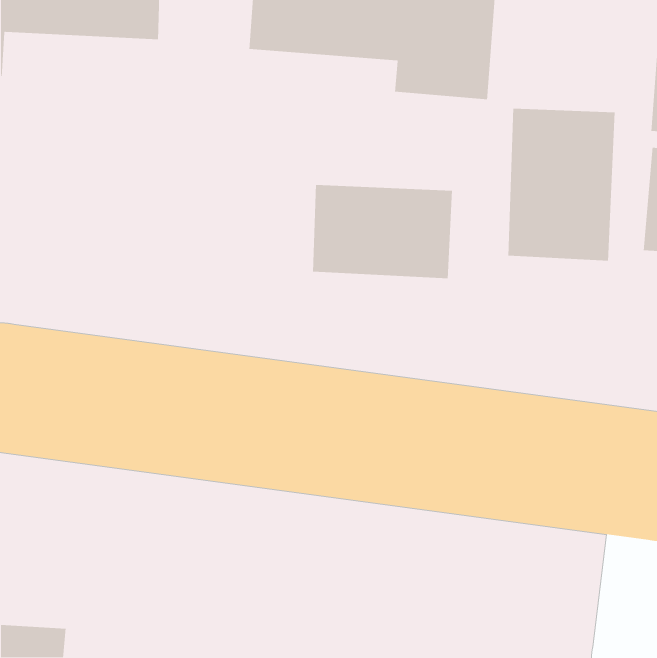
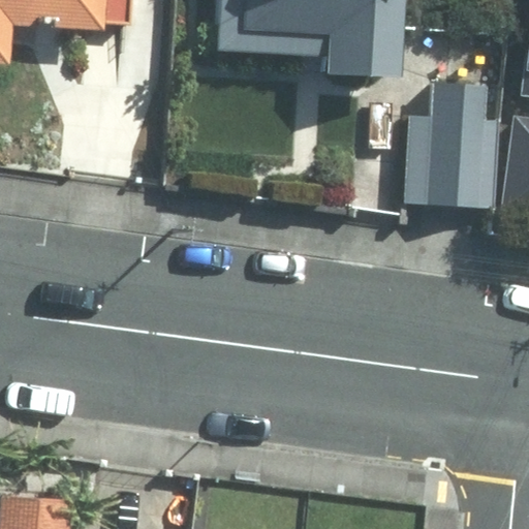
building: [312,184,453,279] -> none

